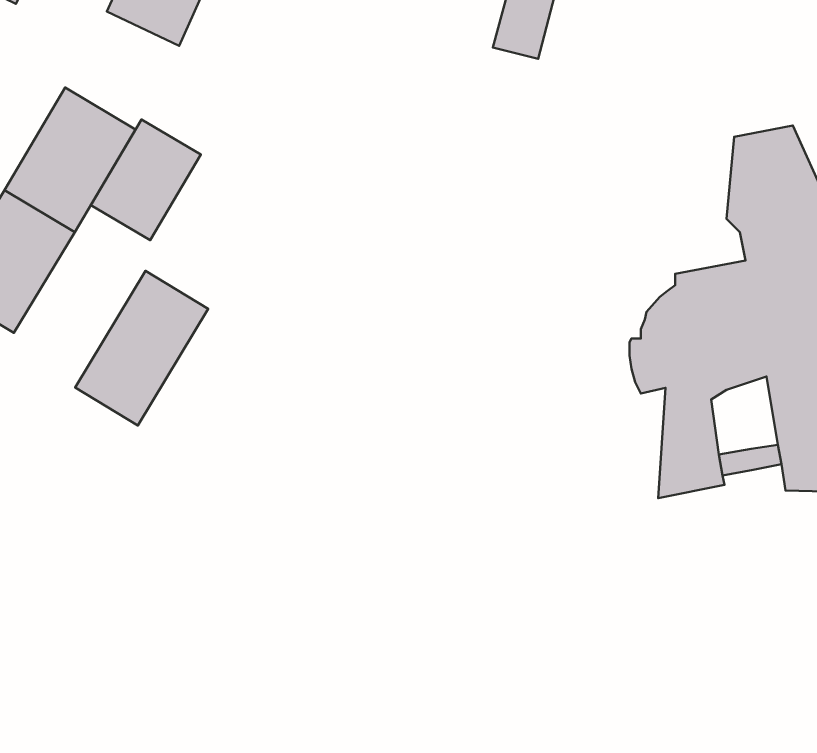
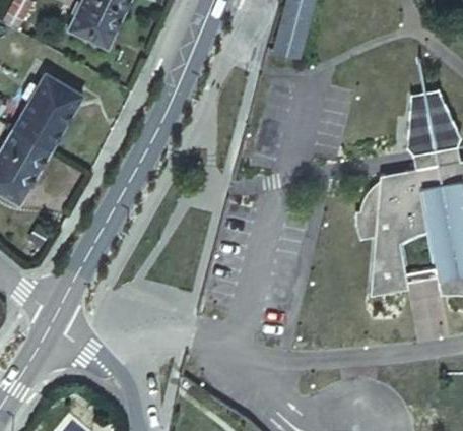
building: [91,119,201,240] -> none
building: [75,271,208,425] -> none

